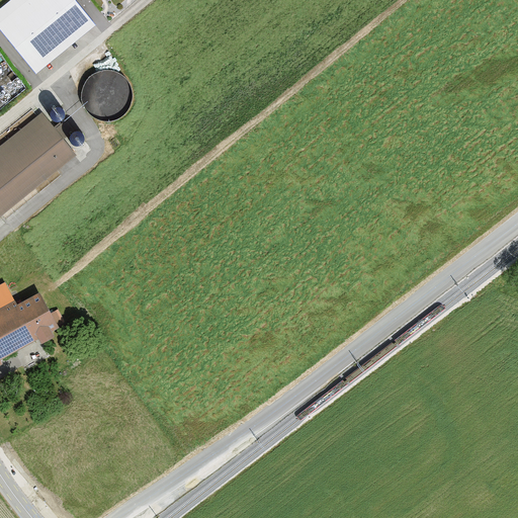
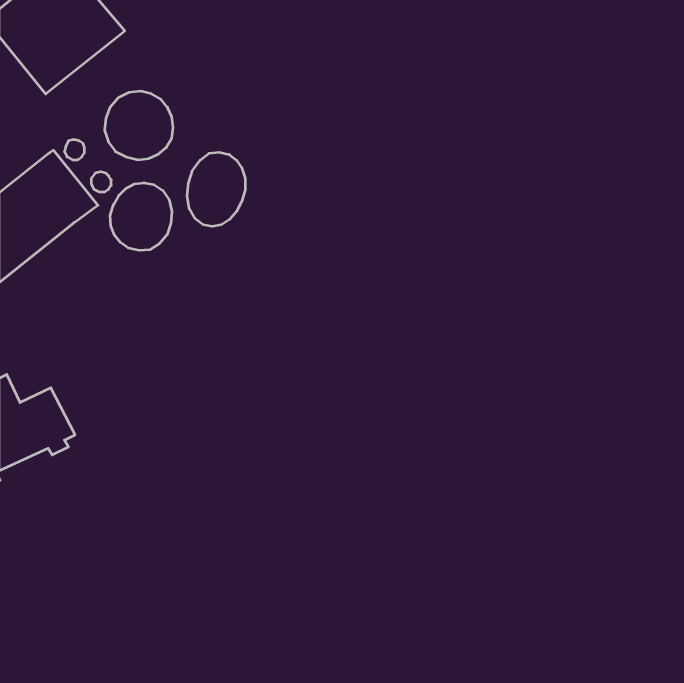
building: none -> [187,152,245,226]
building: none -> [110,183,172,250]

